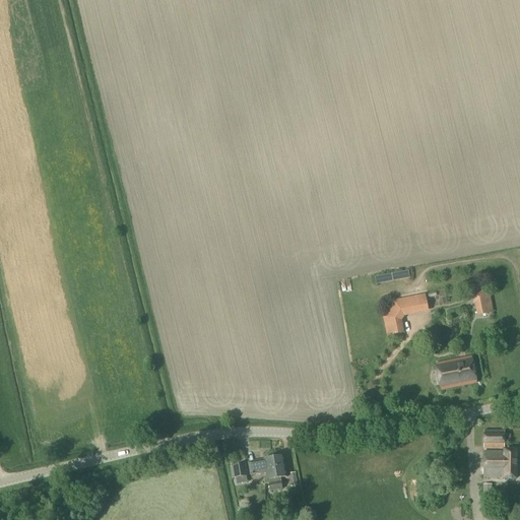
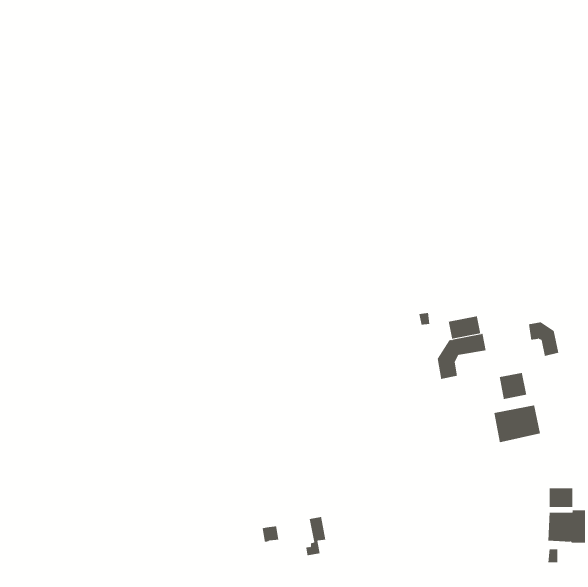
building: none -> [448,315,481,340]
building: none -> [499,372,527,400]
building: [250,457,277,482] -> none

